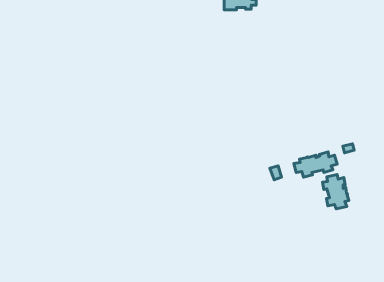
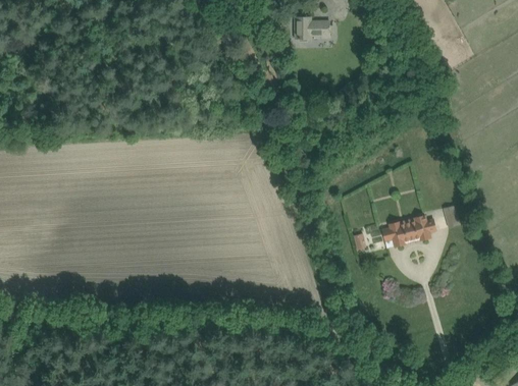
building: [322,174,349,209] -> none

